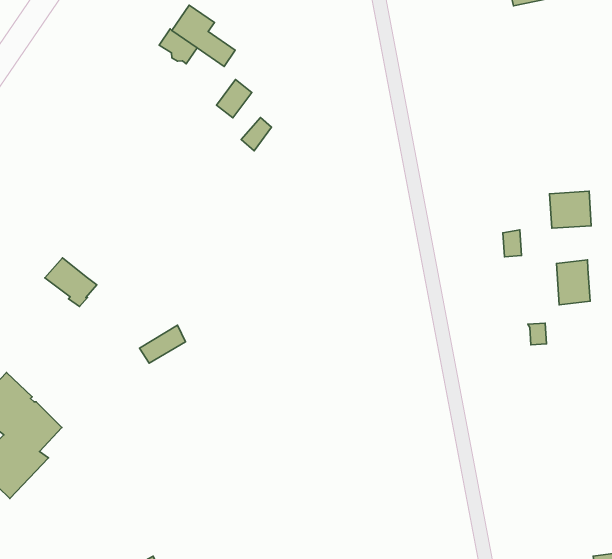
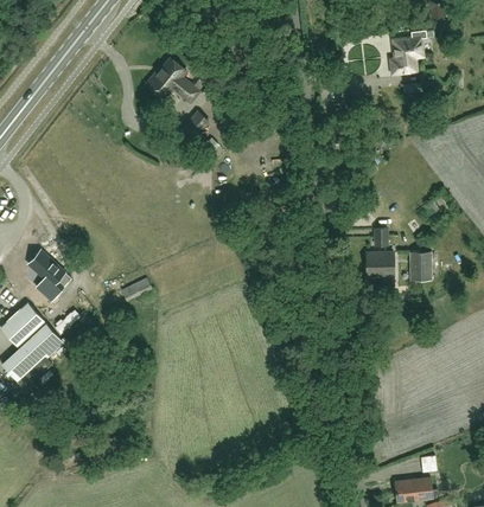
building: [549,191,591,228] -> [365,252,393,276]
building: [45,258,97,307] -> [34,258,70,293]

